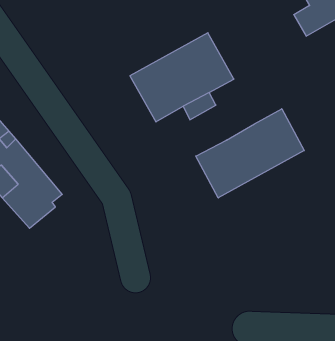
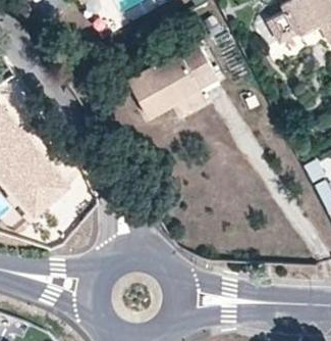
building: [196,109,304,198] -> none

